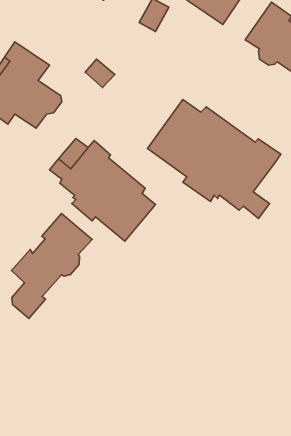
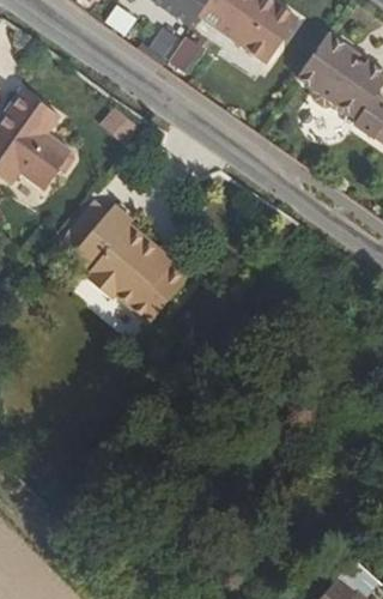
building: [148,99,281,218] -> none
building: [11,214,92,319] -> none

